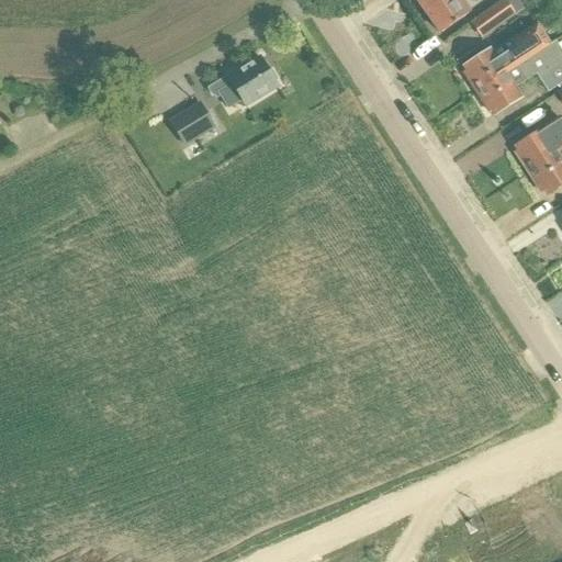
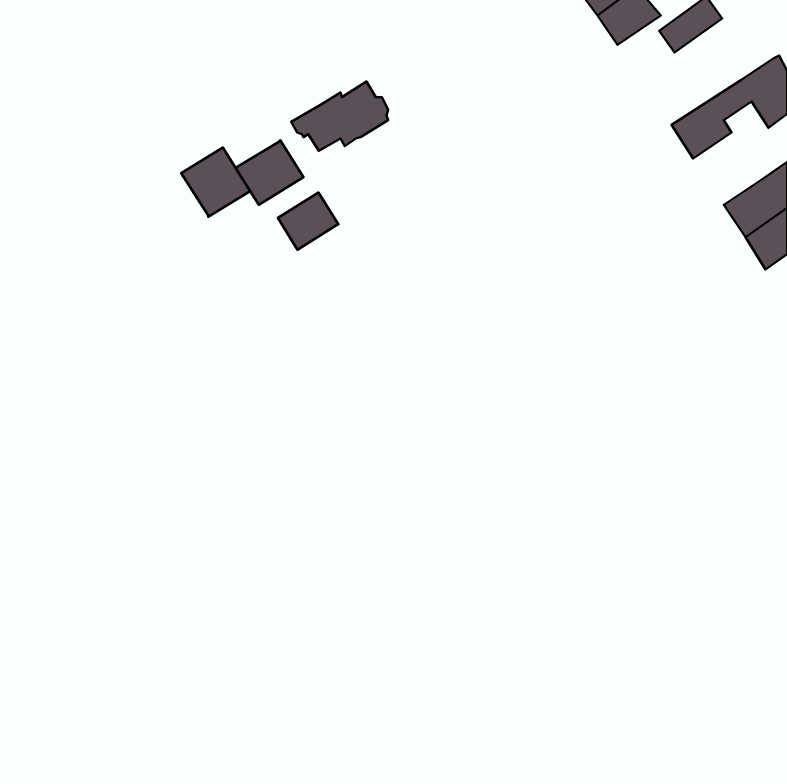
building: [464,21,551,89] -> none
building: none -> [181,147,250,217]
building: none -> [278,192,338,250]

